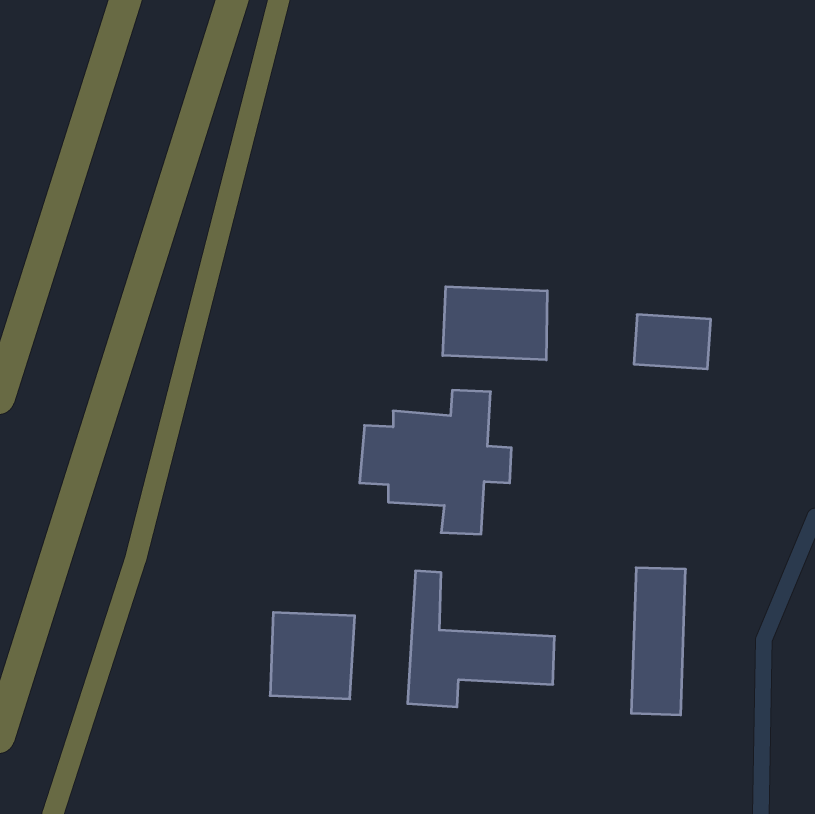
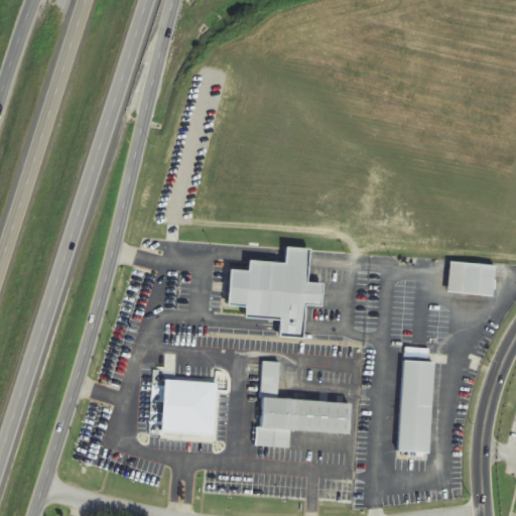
building: [443,287,547,360] -> none
building: [634,315,711,369] -> [446,260,495,294]

